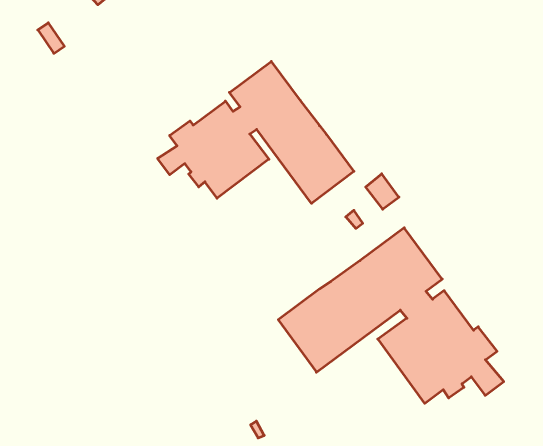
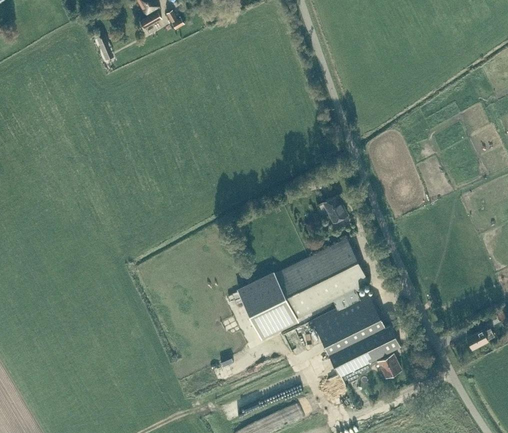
building: [158,61,354,203] -> none

